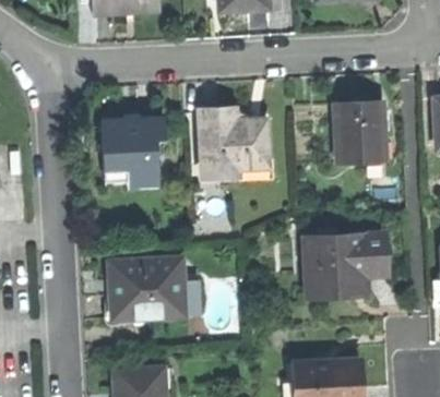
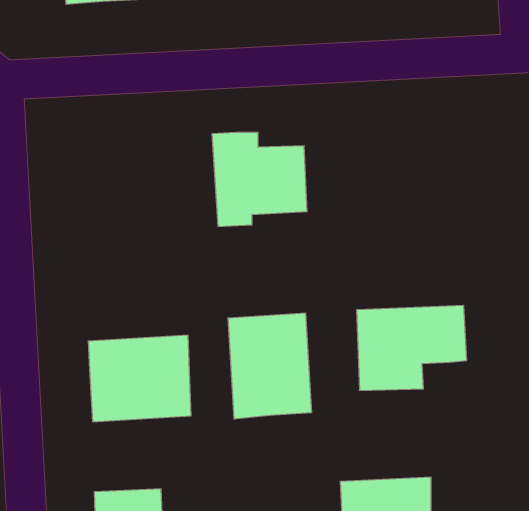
building: [333,100,387,163] -> none
building: [104,116,166,184] -> none
building: none -> [228,313,311,419]

